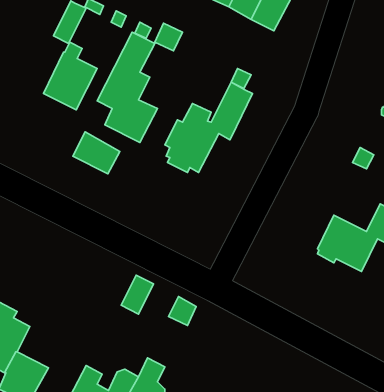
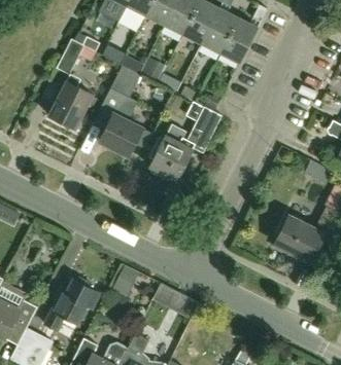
building: [73,132,120,174] -> none
building: none -> [44,277,100,329]

